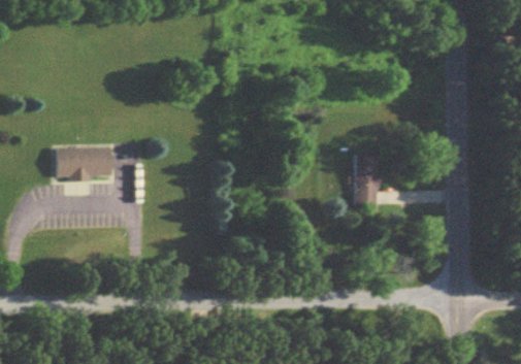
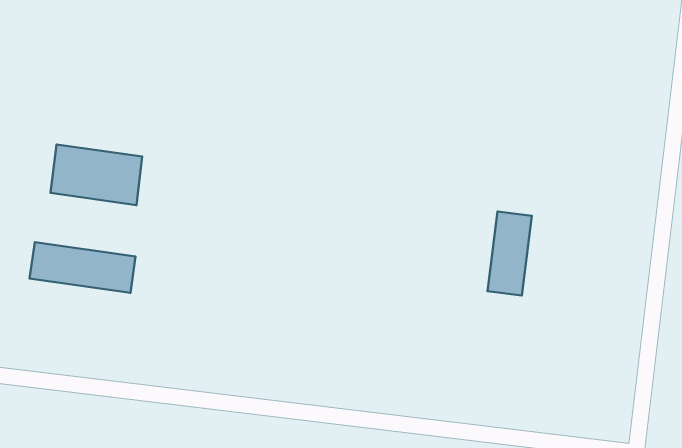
building: none -> [30,242,136,293]

